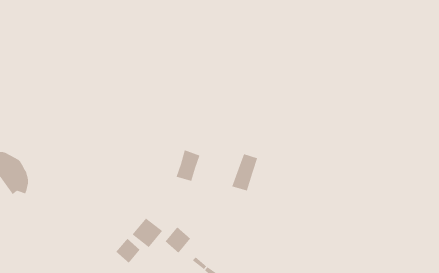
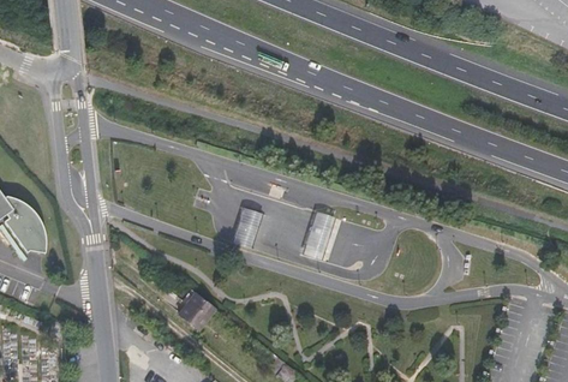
building: [164,226,191,254] -> none
building: [115,238,141,264] -> none

